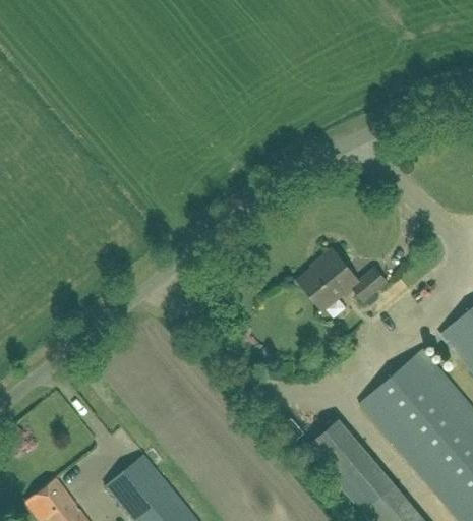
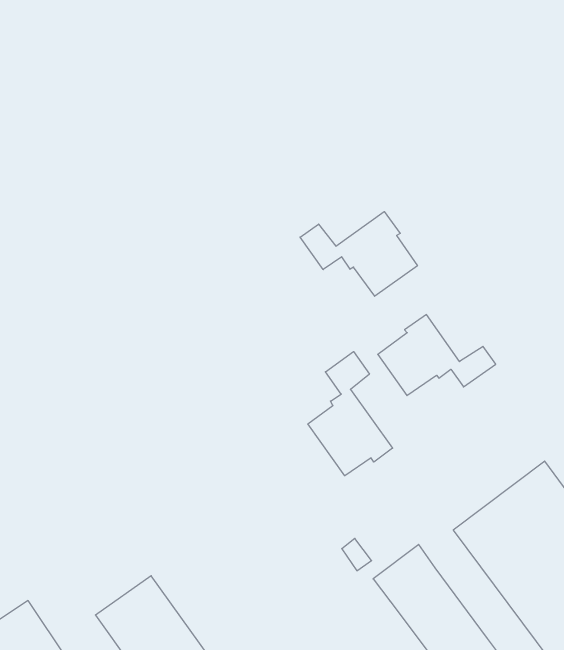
building: none -> [300,212,417,296]
building: none -> [308,352,393,476]

